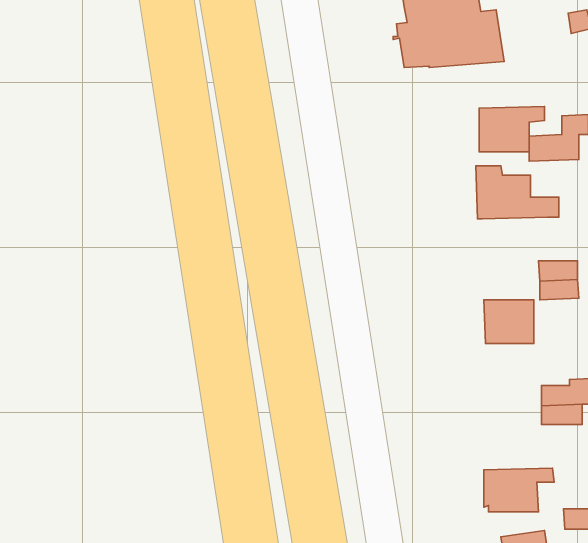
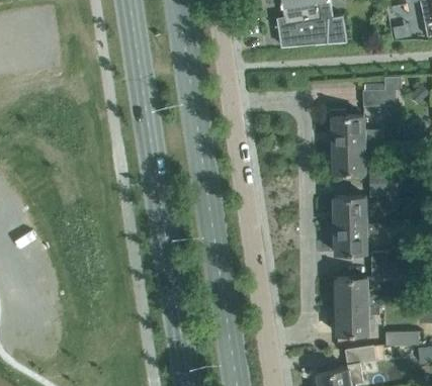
building: [479,107,545,152] -> [333,143,375,173]
building: none -> [335,224,377,254]
building: none -> [333,278,378,307]

